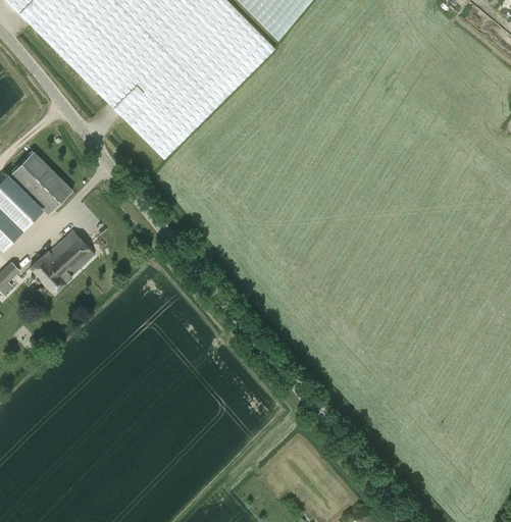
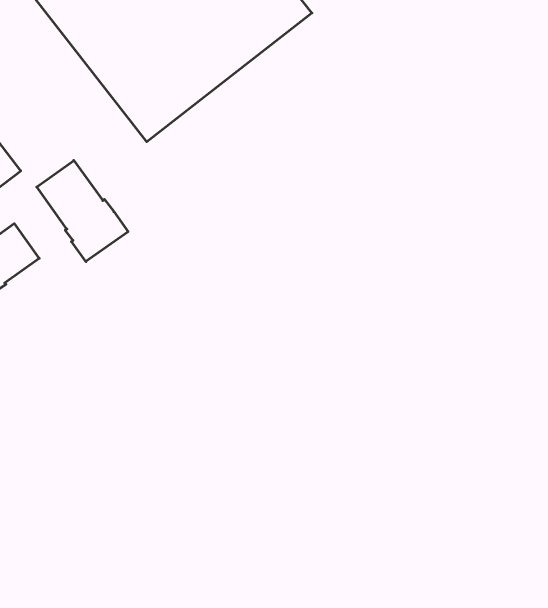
building: none -> [37,160,128,262]

